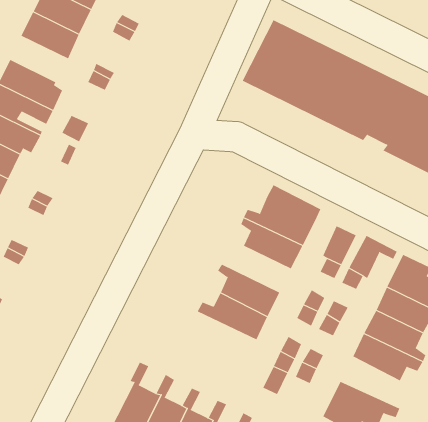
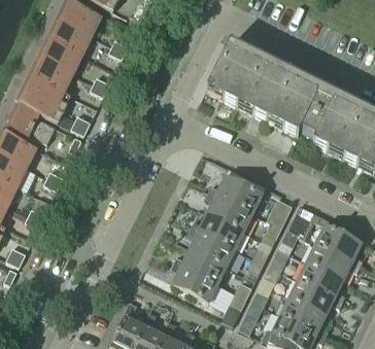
building: none -> [31,55,75,90]
building: none -> [191,213,243,248]
building: none -> [170,263,217,302]
building: none -> [280,296,328,336]

